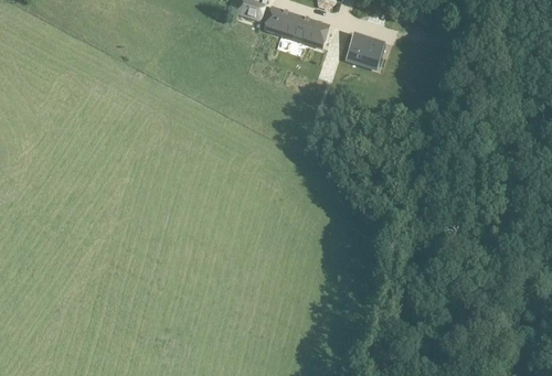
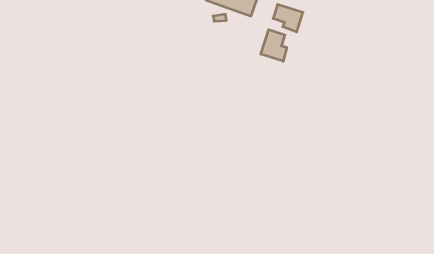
building: none -> [261,30,287,61]

